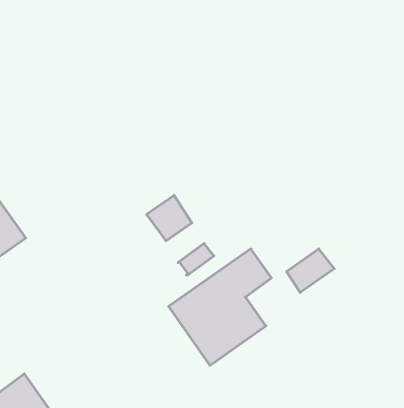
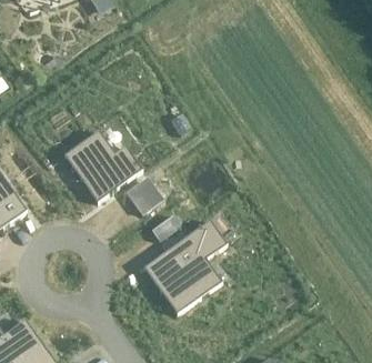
building: none -> [62,129,141,200]
building: [287,249,334,293] -> none

